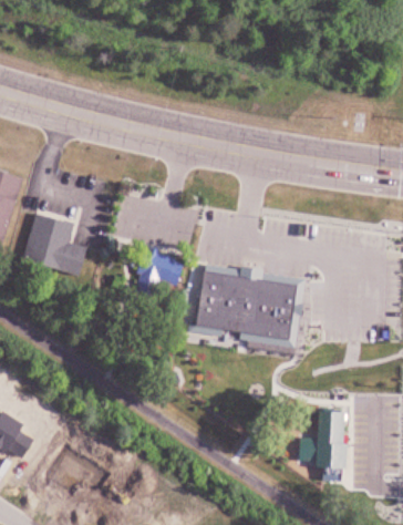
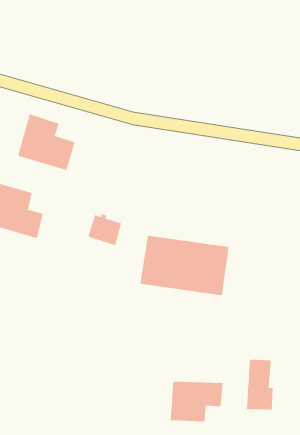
building: none -> [18,113,75,171]
building: none -> [170,381,223,422]

